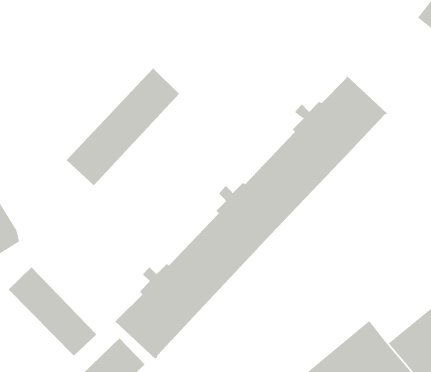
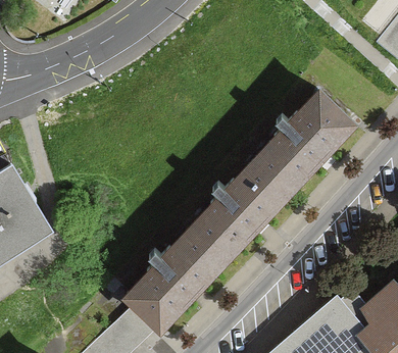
building: [66,68,180,186] -> none
building: [8,266,97,356] -> none

